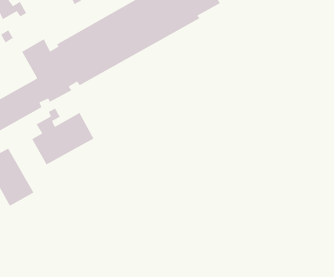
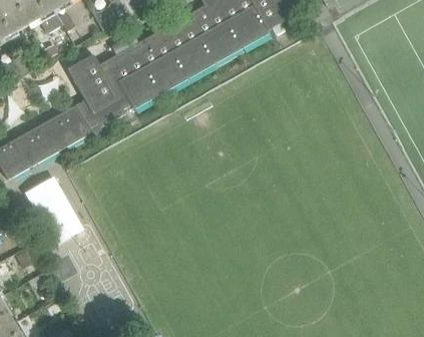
building: [31,108,95,166] -> none

